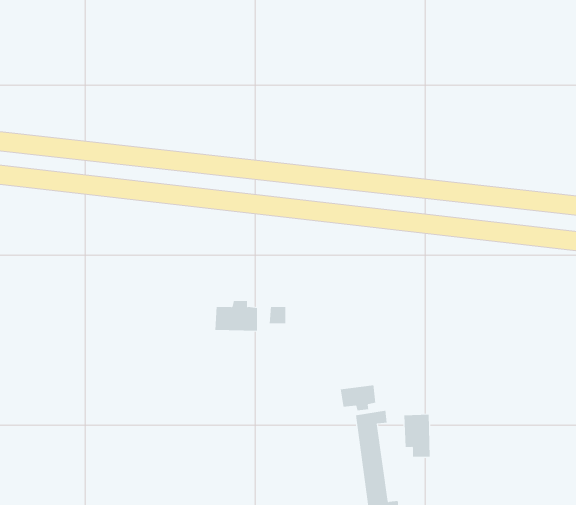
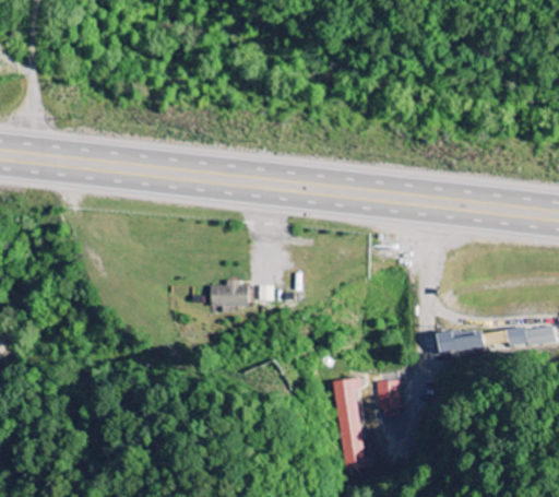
building: none -> [438,332,484,352]
building: [340,384,376,411] -> none

